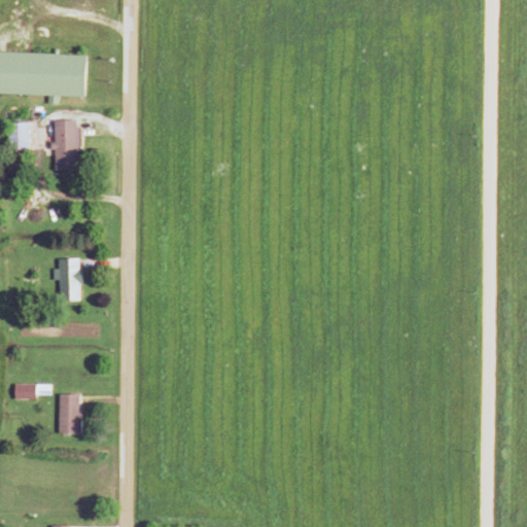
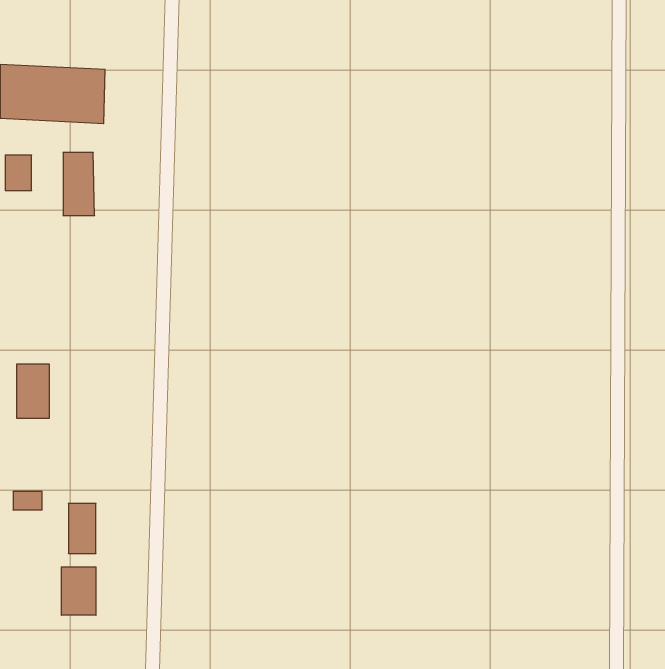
building: [56,258,81,301] -> [17,364,49,418]
building: none -> [61,567,96,615]

